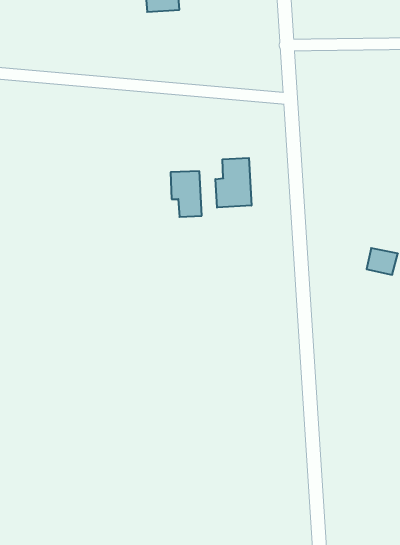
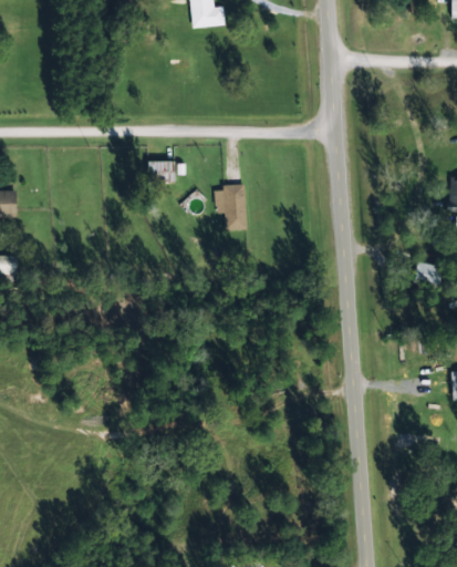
building: none -> [148,162,176,183]
building: [215,158,251,208] -> none

